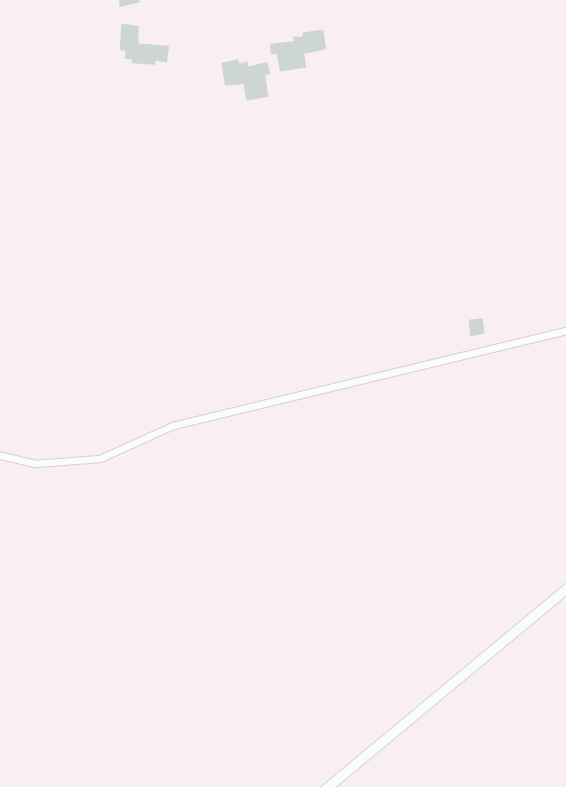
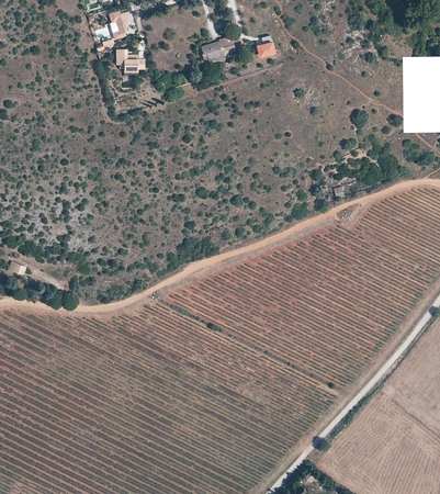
building: [221,59,271,102] -> none

